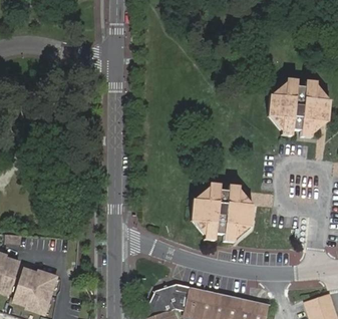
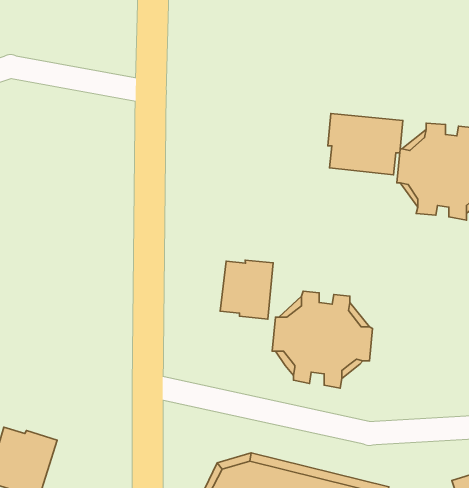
building: none -> [328,114,403,175]
building: none -> [220,260,273,319]

